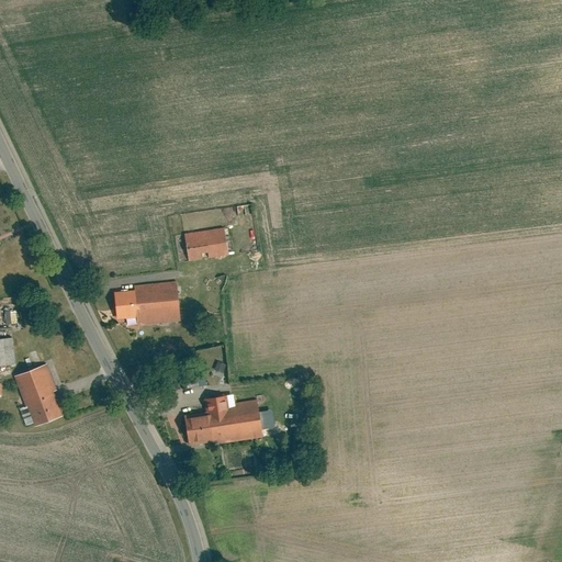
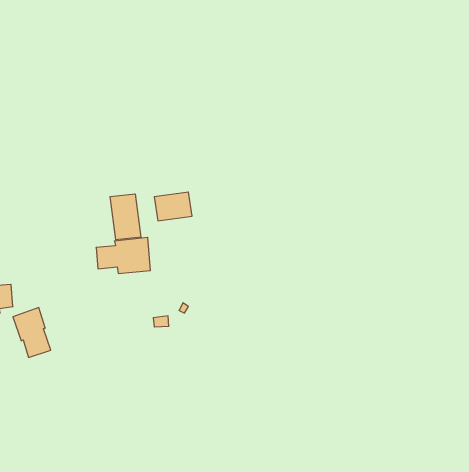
building: none -> [110,194,141,240]
building: [184,394,262,445] -> none

